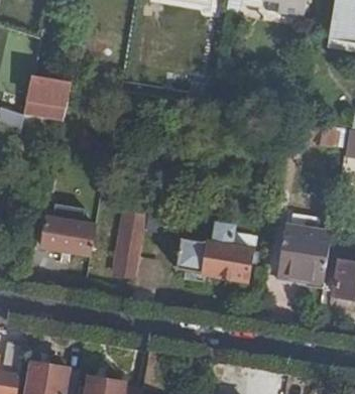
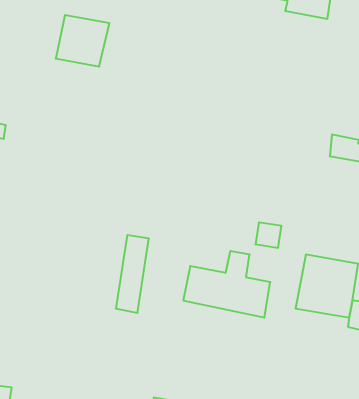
building: [24,74,72,119] -> [56,15,109,67]
building: [42,204,90,253] -> none

